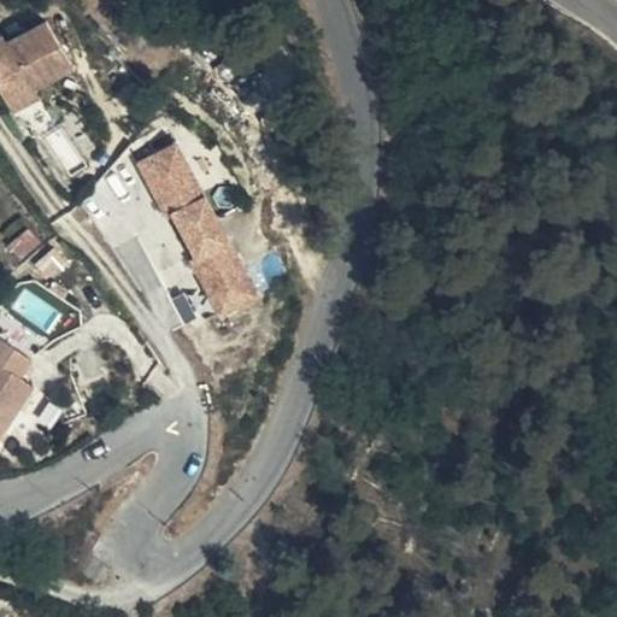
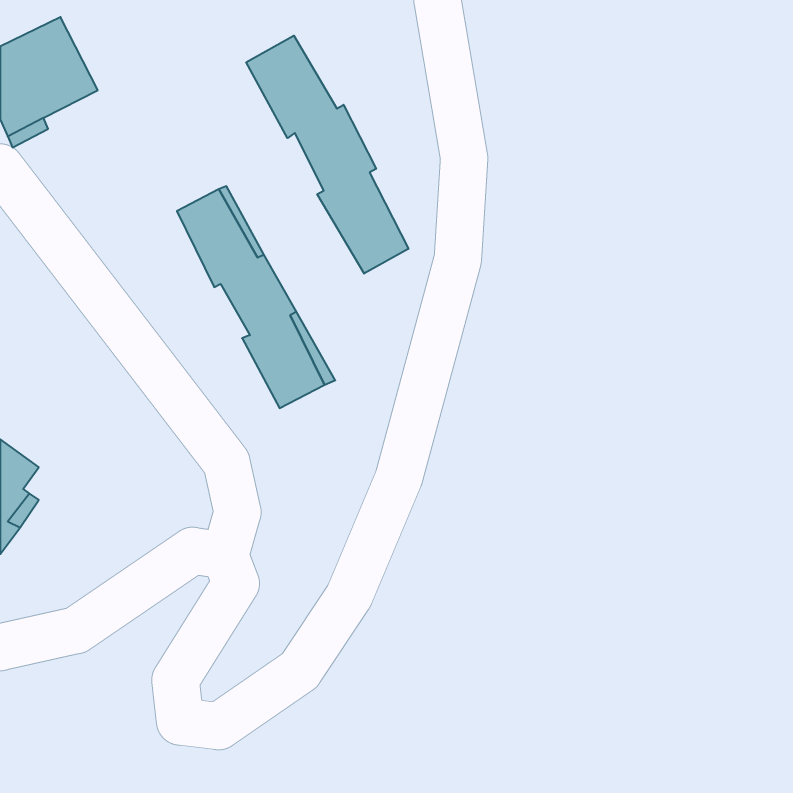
building: none -> [246,36,408,274]

